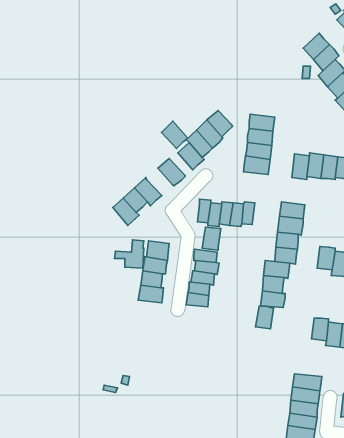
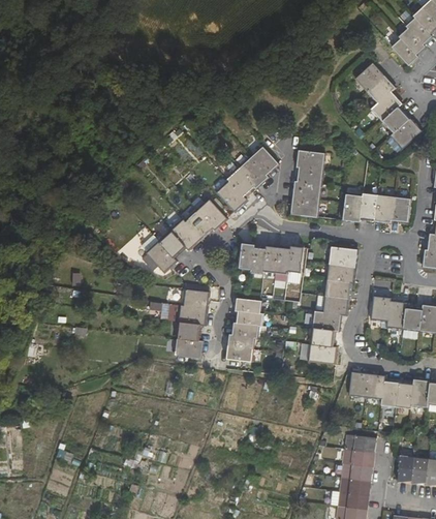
building: [162,121,188,149] -> [184,210,213,240]
building: [202,227,221,250] -> none
building: [256,306,273,329] -> [348,372,368,397]

